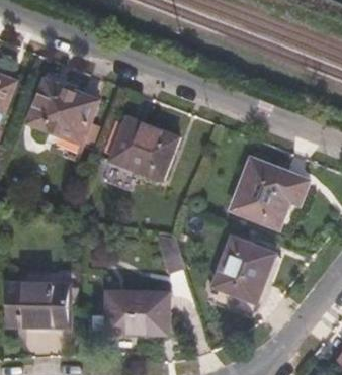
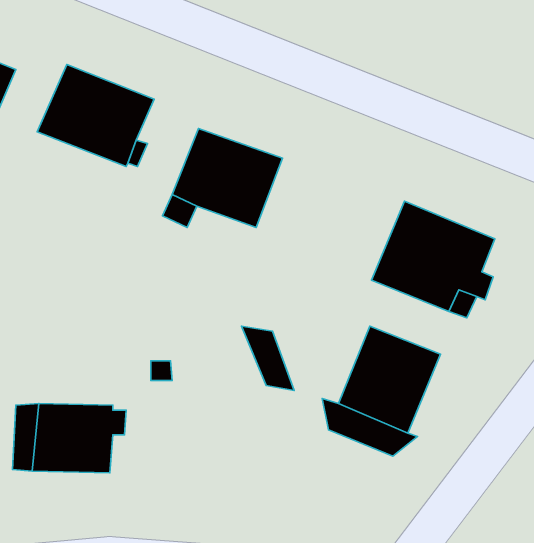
building: [107,293,171,335] -> none

